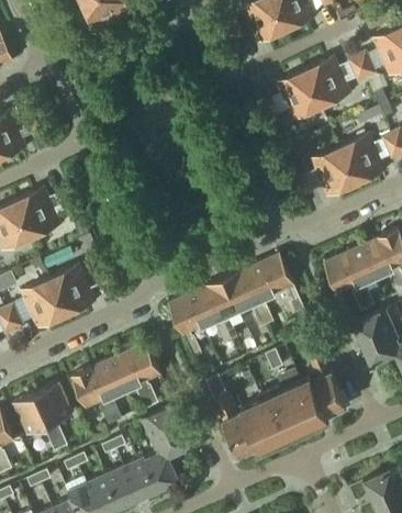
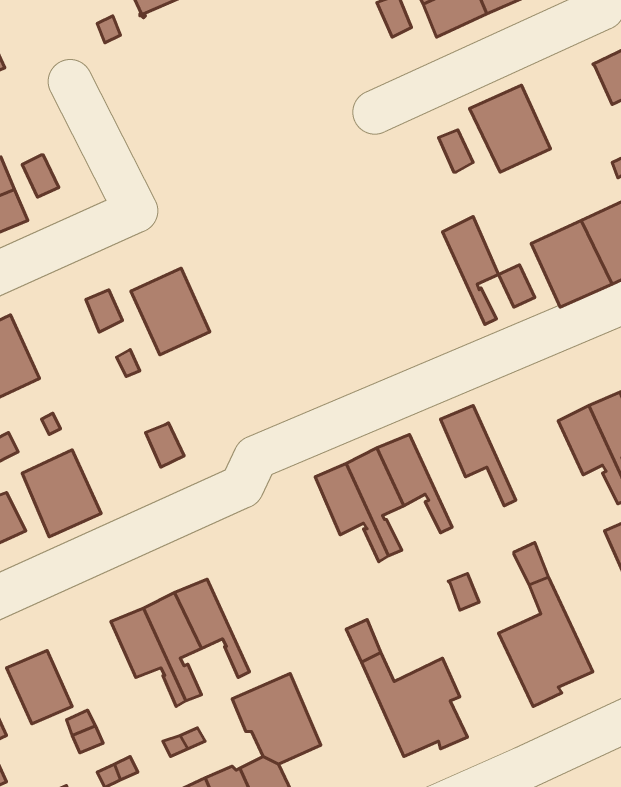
building: [306,57,351,107] -> none
building: [15,188,60,237] -> [131,268,210,355]
building: [243,260,275,322] -> [442,216,498,325]
building: [51,266,96,314] -> none
building: [169,293,203,356] -> none
building: [127,343,160,404] -> none
building: [36,382,72,424] -> none
building: [261,382,313,442] -> none

